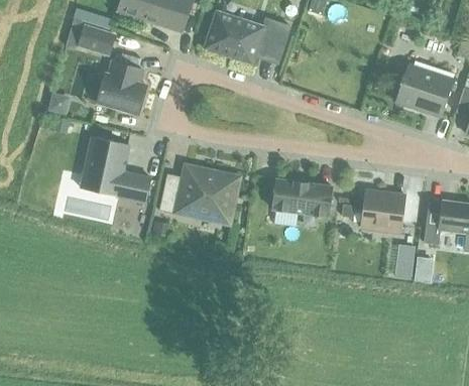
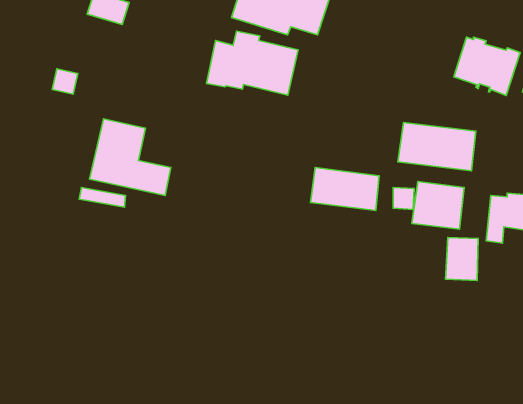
building: [97,60,147,115] -> none
building: none -> [398,123,476,171]
building: [159,165,239,221] -> [206,31,298,95]

